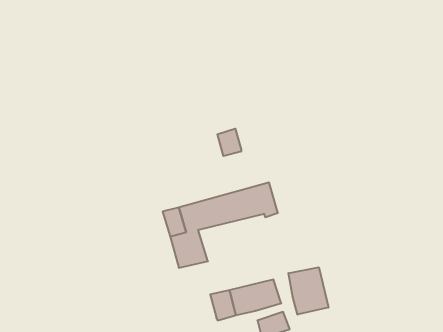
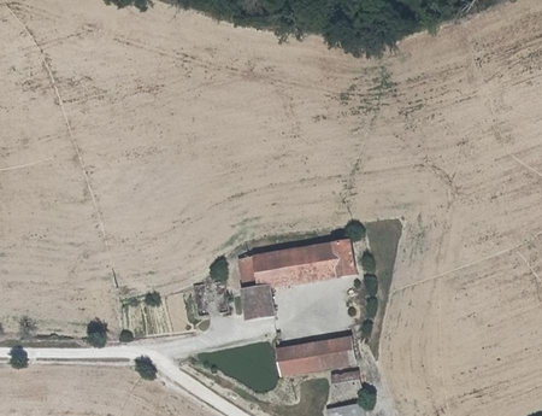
building: [217,129,241,156] -> none
building: [288,267,328,315] -> none

